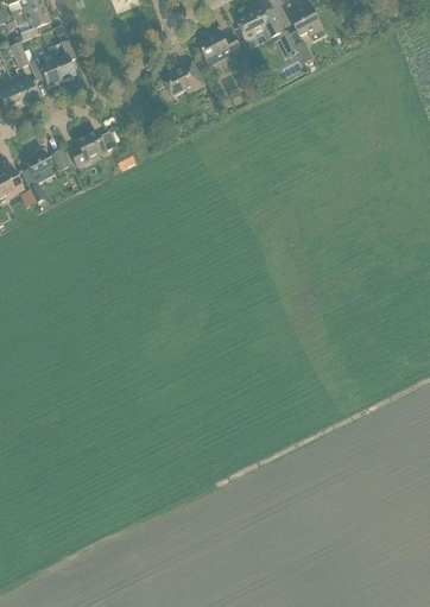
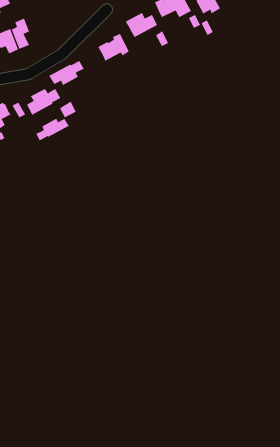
building: none -> [49,60,84,86]
building: none -> [35,118,69,141]

